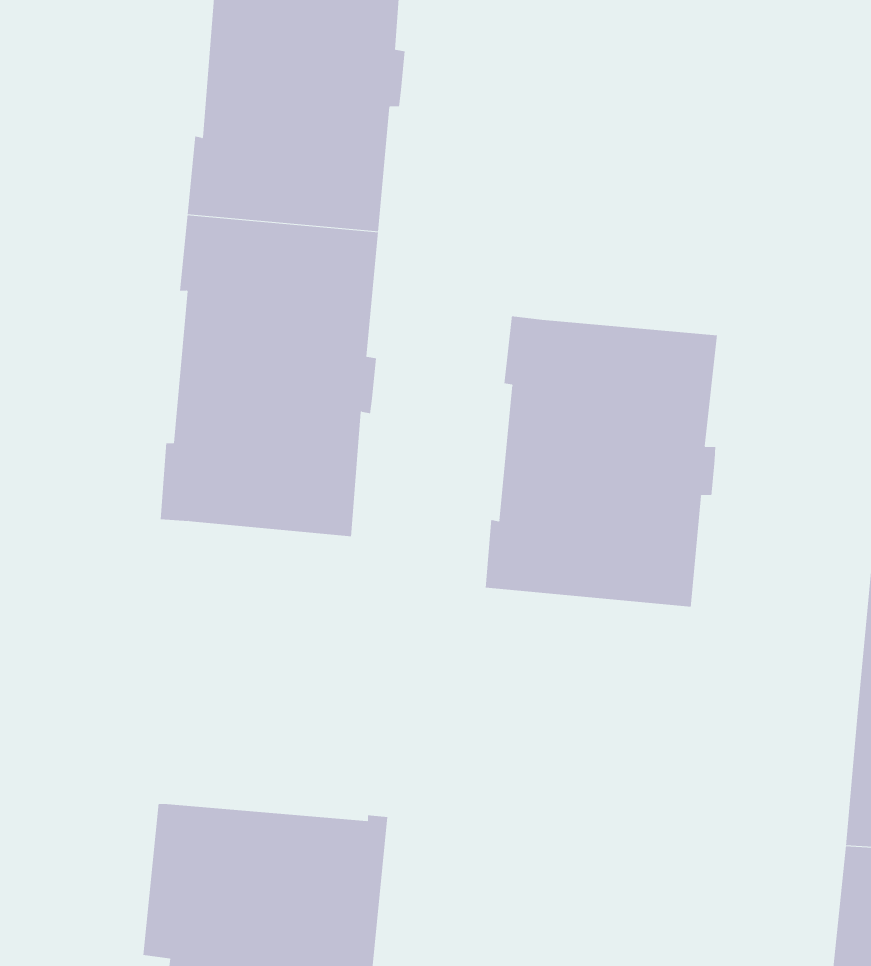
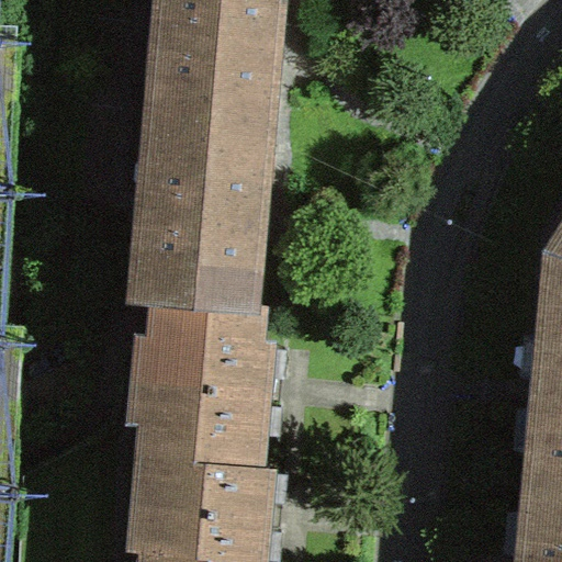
building: [485,316,718,607] -> none
building: none -> [126,302,267,473]

